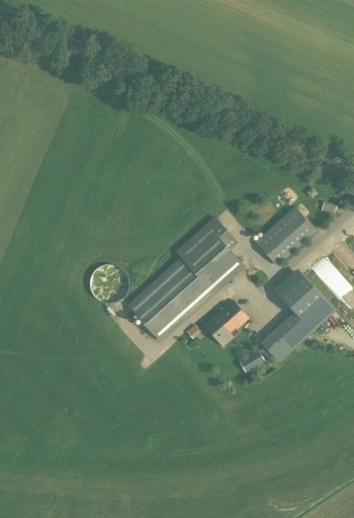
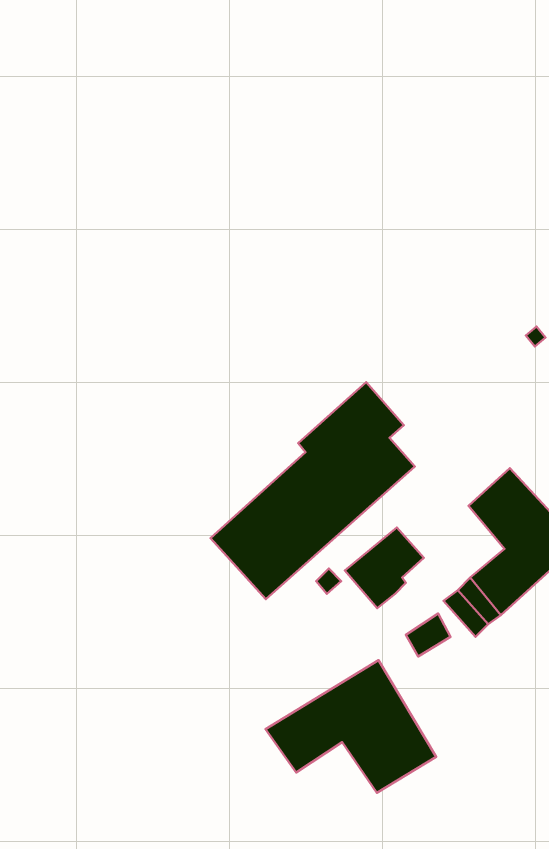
building: [254,206,313,264] -> none
building: none -> [266,660,436,793]

